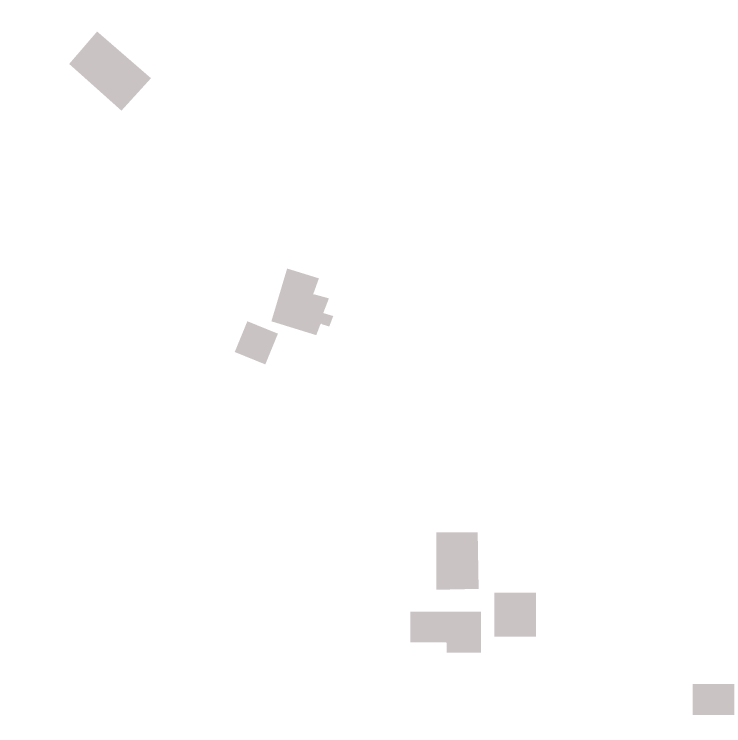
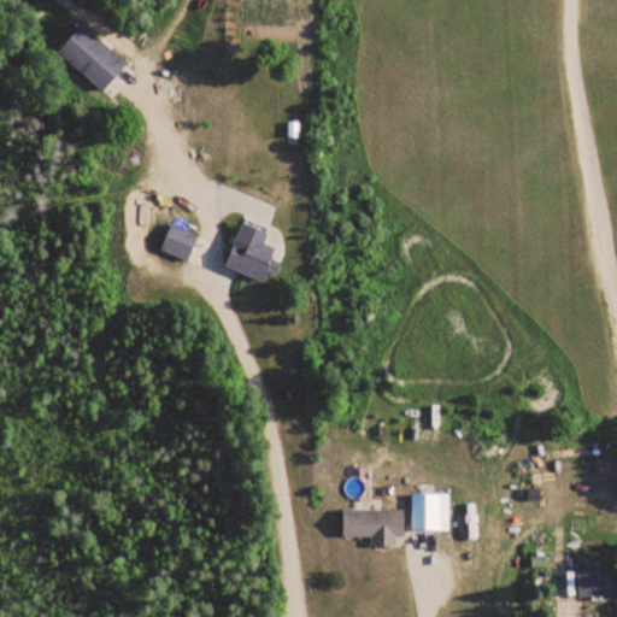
building: [234,320,279,365] -> [160,224,198,262]
building: [436,531,479,590] -> none

